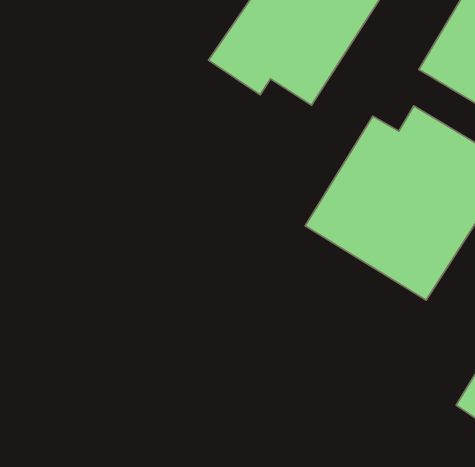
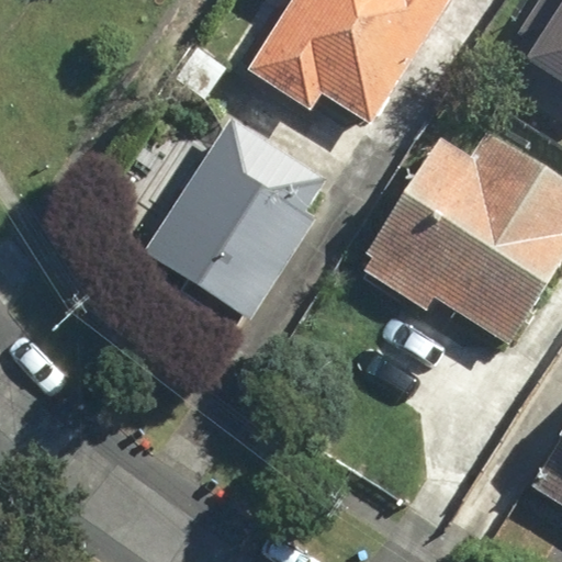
building: none -> [142,114,335,318]

